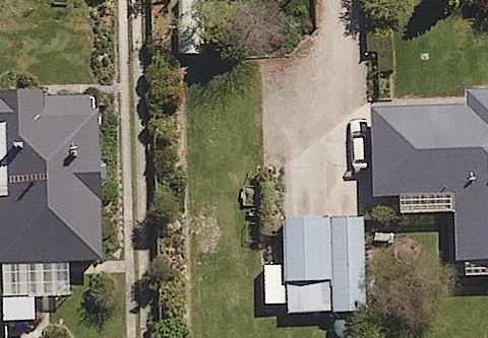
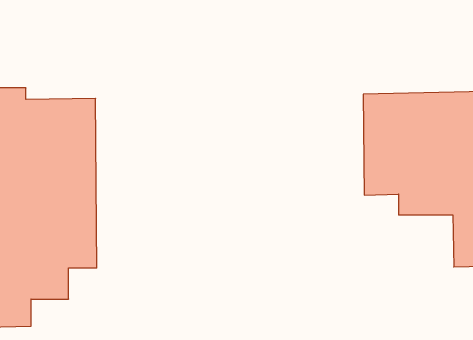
building: [284,207,365,311] -> none

